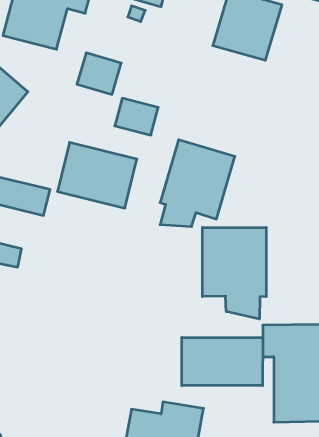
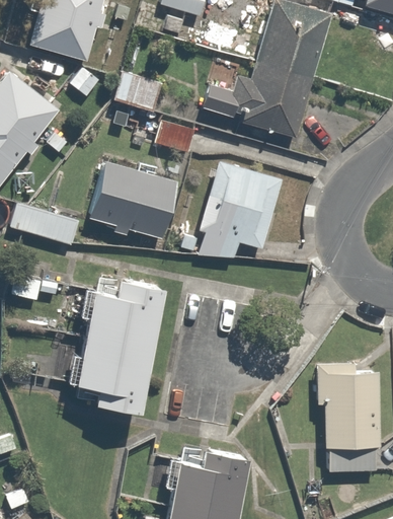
building: none -> [203,59,316,139]
building: [202,227,266,319] -> none
building: none -> [68,277,164,417]
building: [182,337,263,386] -> none

